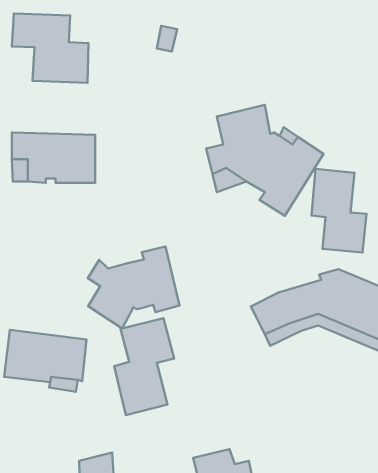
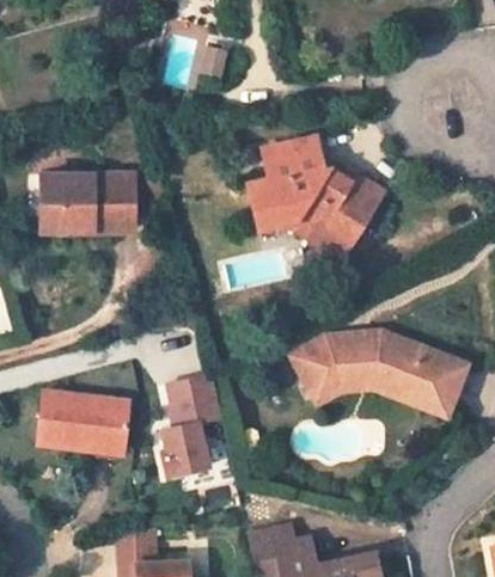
building: [12,14,89,83] -> none
building: [312,169,367,252] -> none
building: [88,246,179,328] -> none

